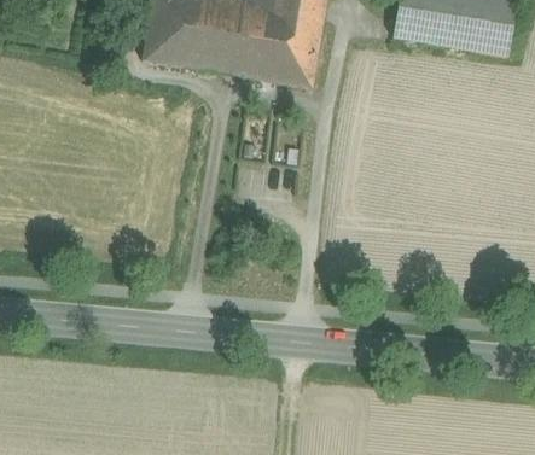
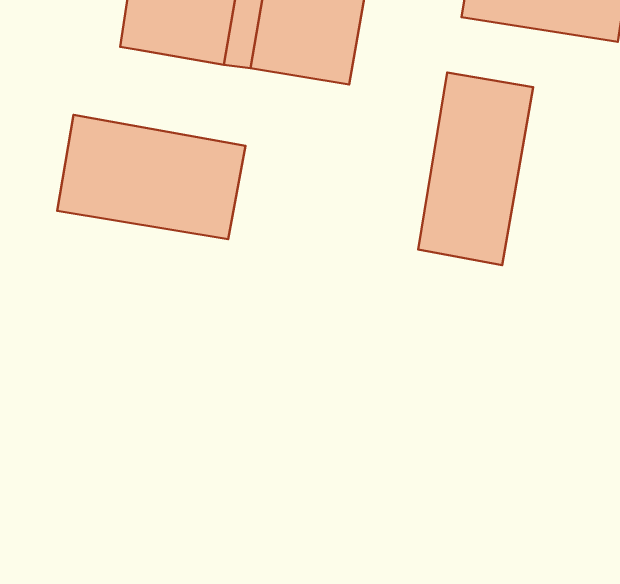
building: none -> [418,73,533,265]
building: none -> [57,115,245,239]

